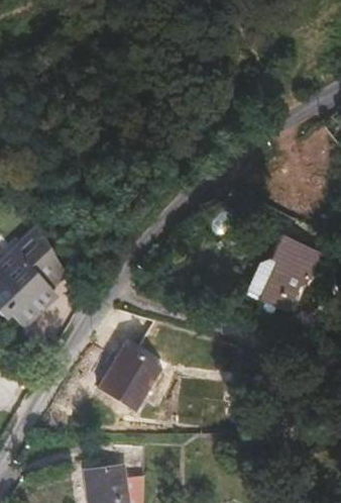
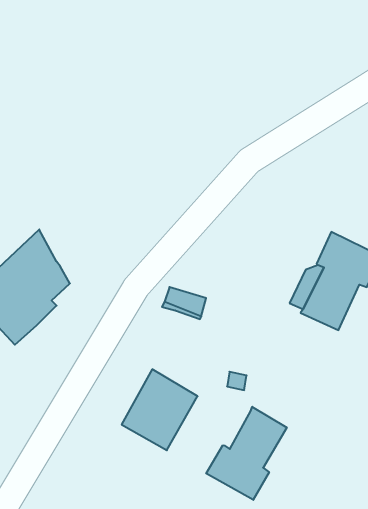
building: none -> [206,407,287,500]

